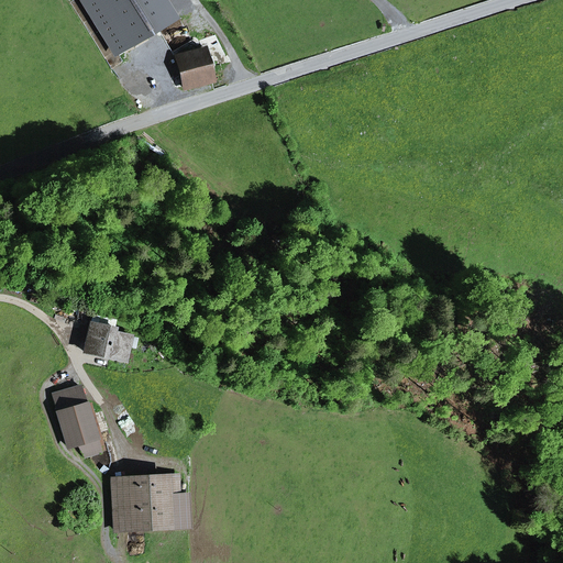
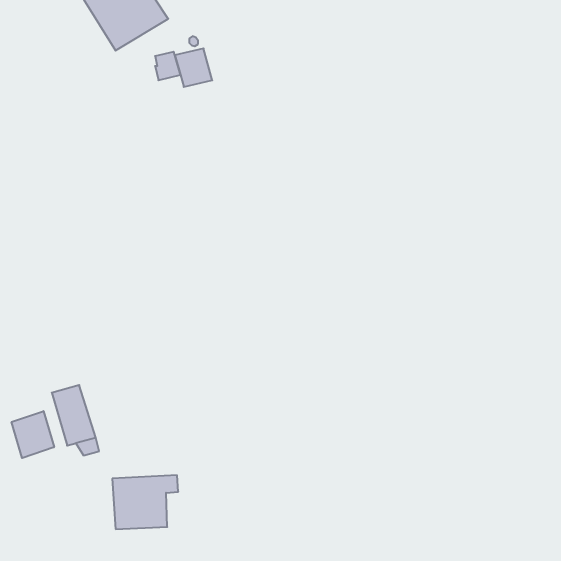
building: [86,322,131,360] -> none
building: none -> [12,411,54,458]

